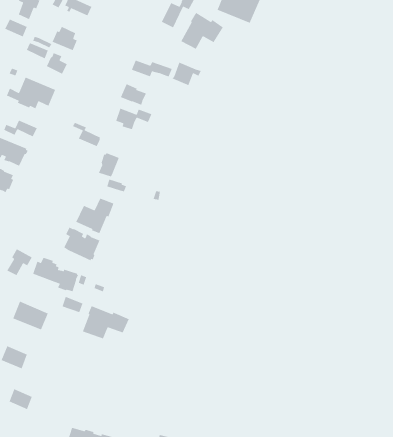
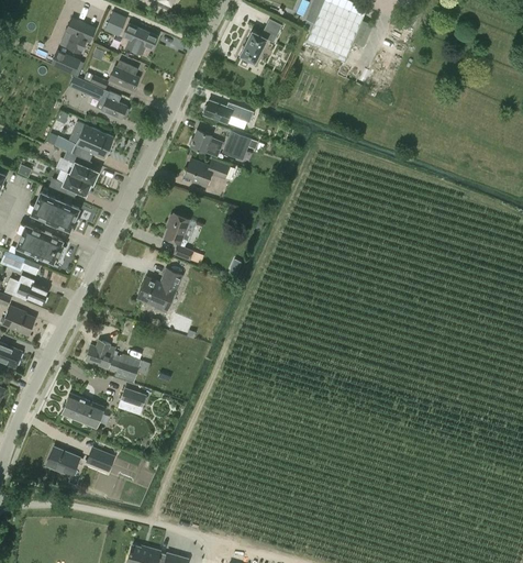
building: [180,12,224,50] -> none
building: [172,62,202,86] -> [222,131,258,161]
building: [72,122,101,147] -> [63,154,98,185]
building: [63,226,101,261] -> none
building: [6,248,33,276] -> none
building: [82,305,130,340] -> none
building: [8,388,33,410] -> [86,446,115,473]

